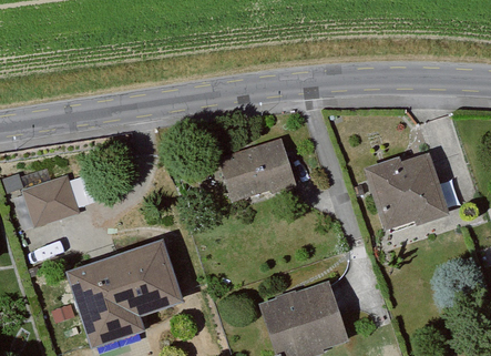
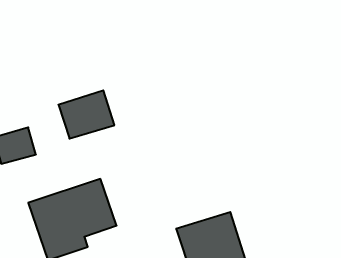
building: [219,138,293,201] -> [58,90,114,139]
building: [366,152,449,225] -> none

